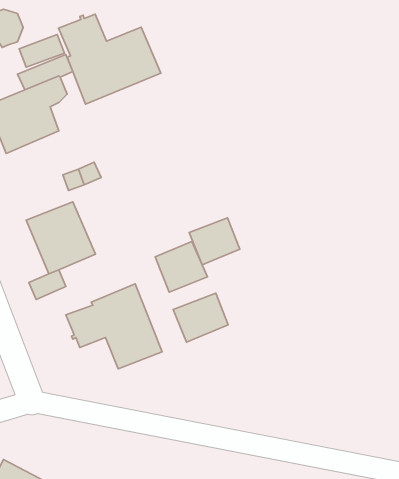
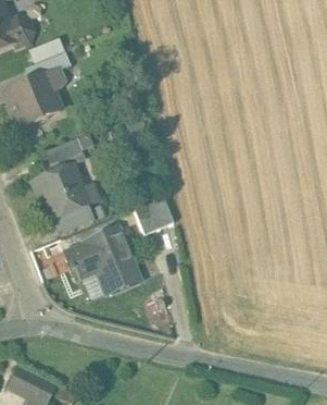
building: [58,14,161,104] -> none
building: [189,218,240,265] -> none
building: [173,293,228,342] -> none

